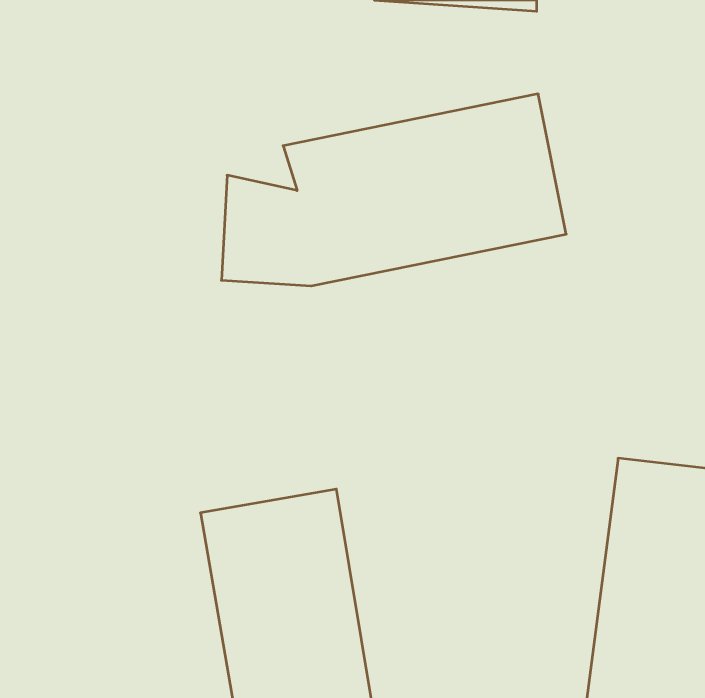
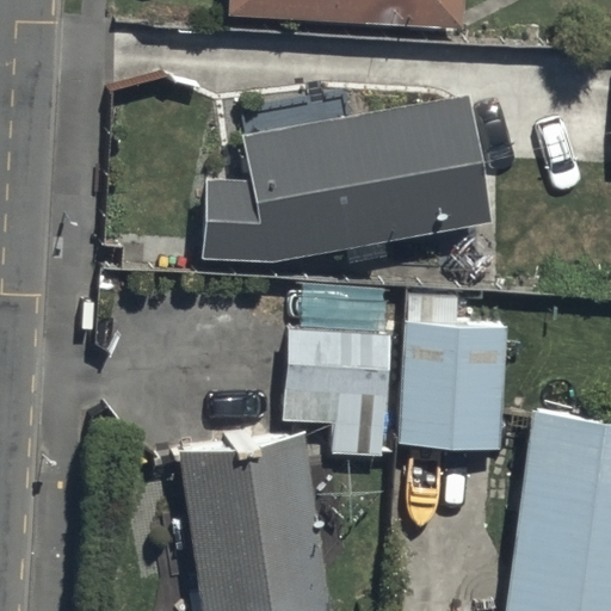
building: none -> [282,296,388,469]
building: none -> [400,306,507,458]

